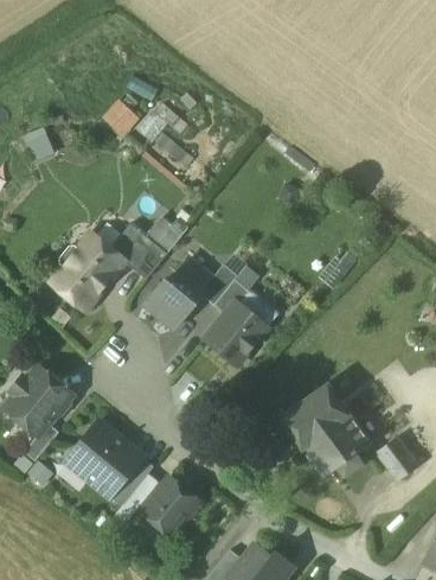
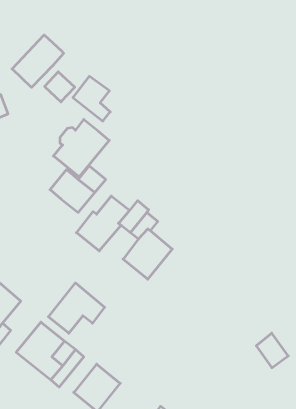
building: none -> [12,35,64,87]
building: [51,235,123,310] -> [53,119,109,177]
building: none -> [48,283,105,333]
building: [277,383,371,478] -> none

